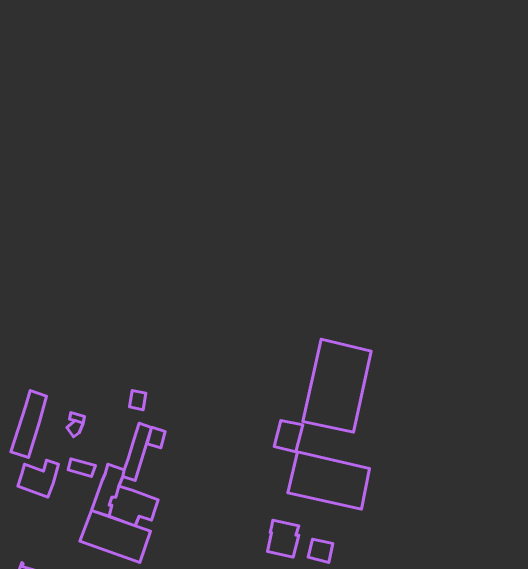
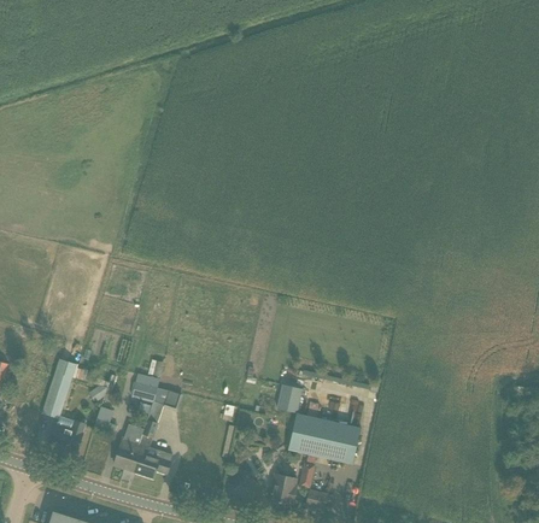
building: [303,339,371,432] -> none
building: none -> [133,374,159,402]
building: [80,511,151,562] -> none

